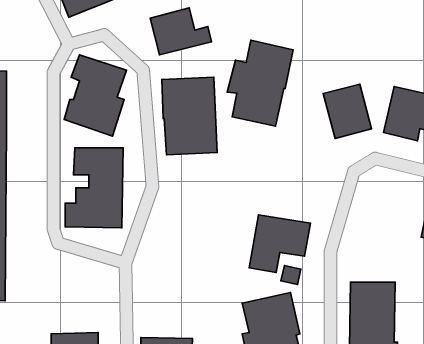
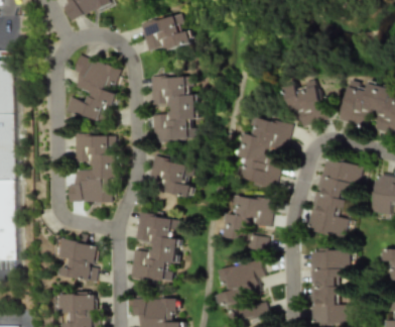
building: [227,40,293,126] -> [237,114,293,188]
building: none -> [147,153,199,197]
building: none -> [306,155,361,239]
building: none -> [129,210,182,283]
building: none -> [55,238,99,281]

